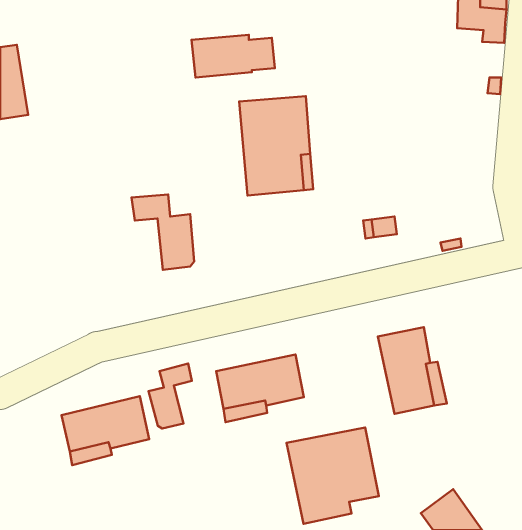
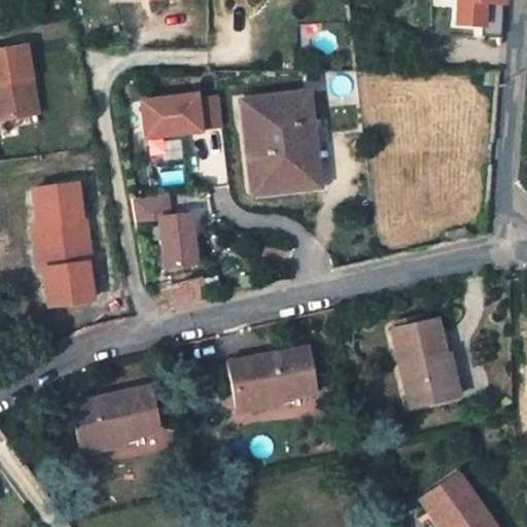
building: [191,35,275,78] -> [143,92,225,134]
building: none -> [32,186,89,307]
building: [148,364,192,429] -> none
building: [287,427,379,524] -> none

